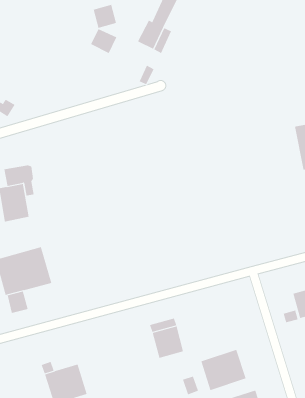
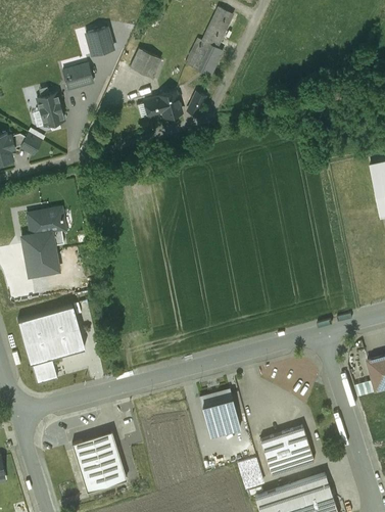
building: [93,4,117,29] -> [85,27,113,55]
building: none -> [62,63,93,90]
building: none -> [144,92,181,118]
building: none -> [37,93,63,131]

